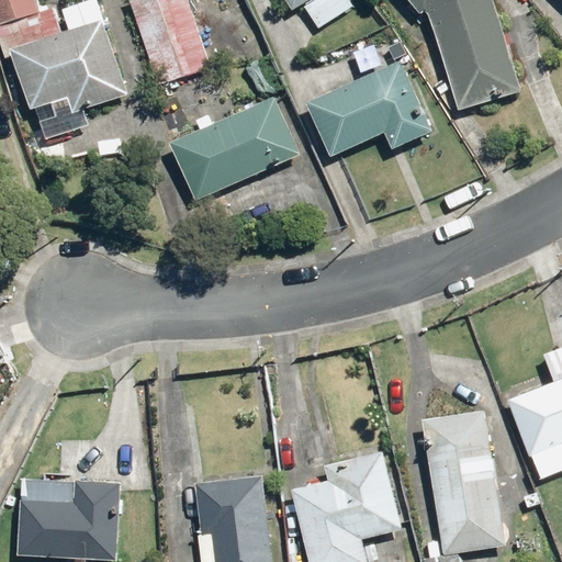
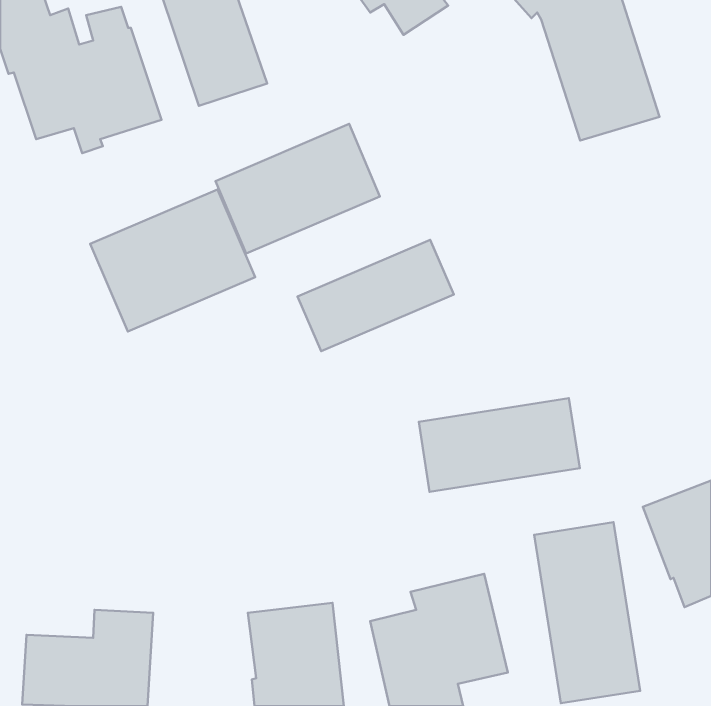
building: [306,61,431,157] -> none
building: none -> [90,189,255,332]
building: none -> [297,240,454,351]
building: none -> [419,398,580,492]

